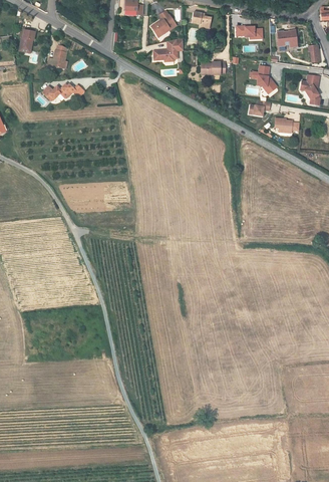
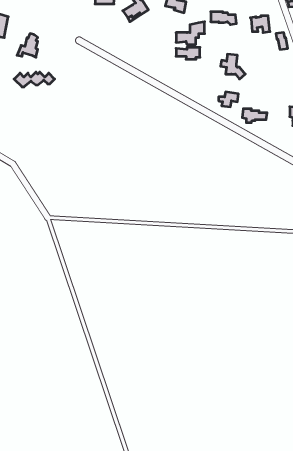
building: [156,36,186,59] -> [176,22,205,44]
building: [299,74,319,104] -> none

